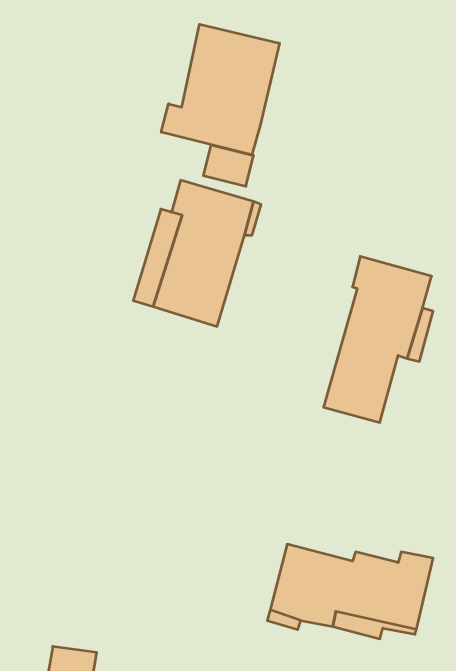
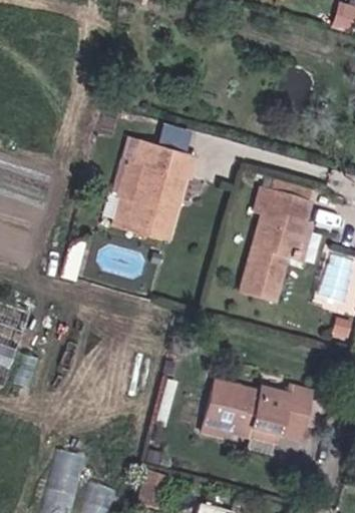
building: [161,24,280,155] -> none

